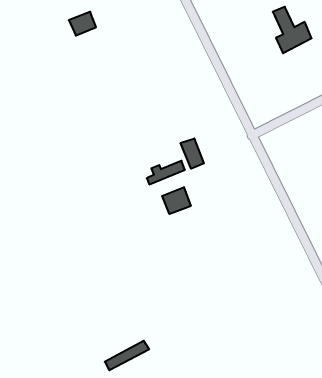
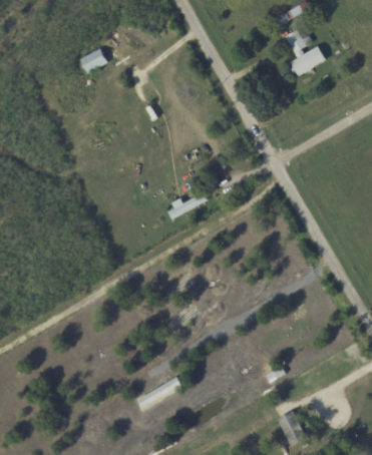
building: [181,138,204,169] -> none
building: [162,187,191,214] -> none

